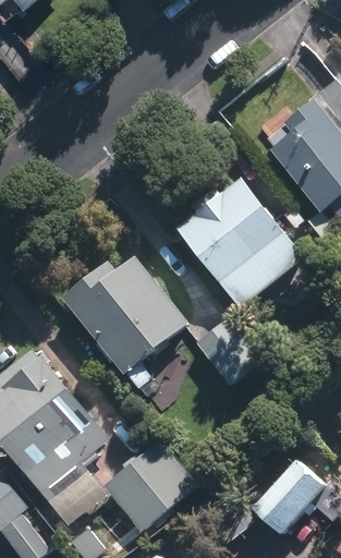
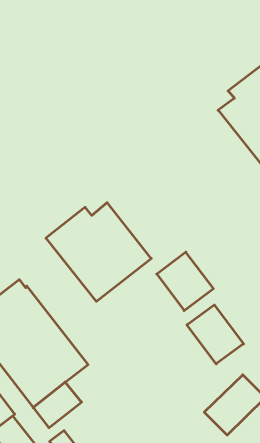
building: [178,179,303,307] -> none
building: none -> [187,305,244,364]
building: [102,441,196,533] -> none

